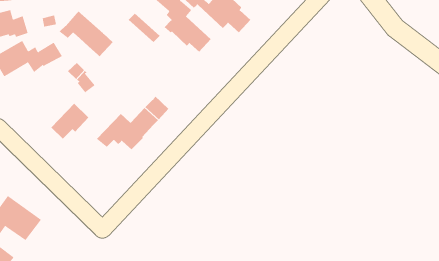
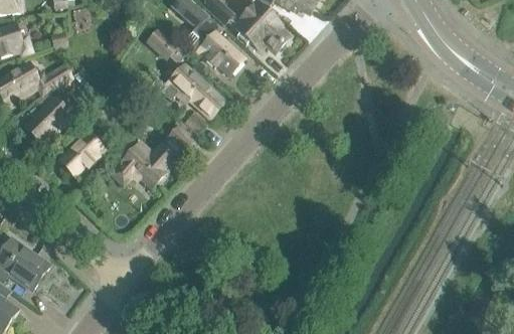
building: [59,10,113,57] -> [161,66,223,120]
building: none -> [25,93,71,139]

